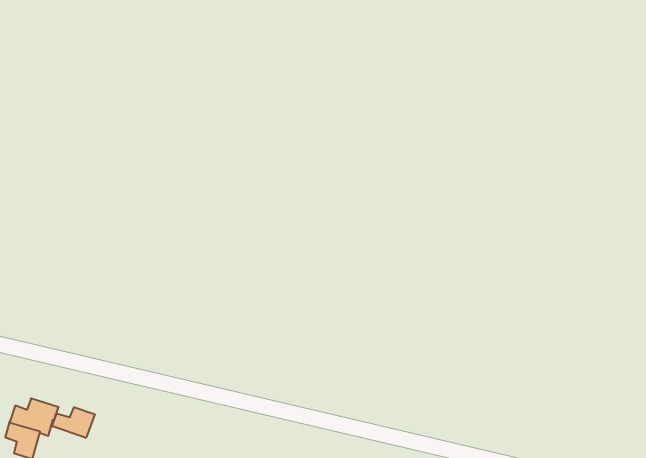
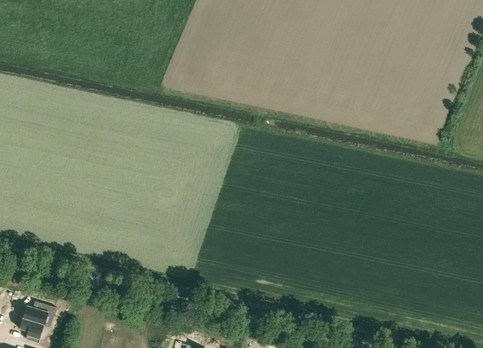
building: [51,407,95,438] -> none

